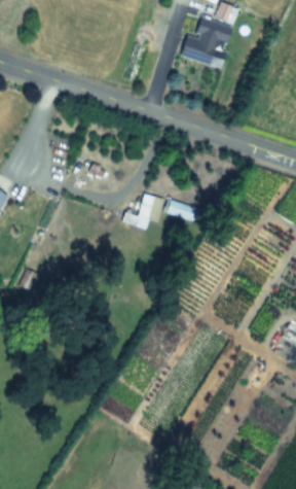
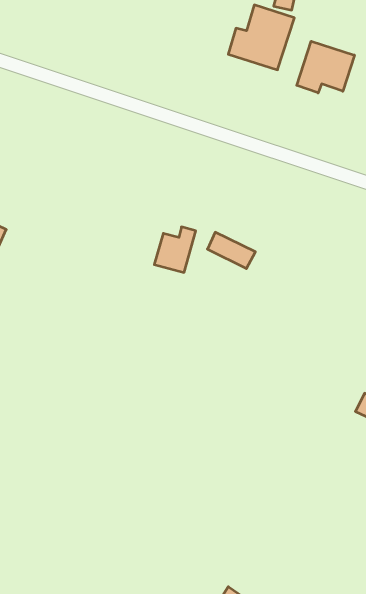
building: none -> [297,41,354,93]

